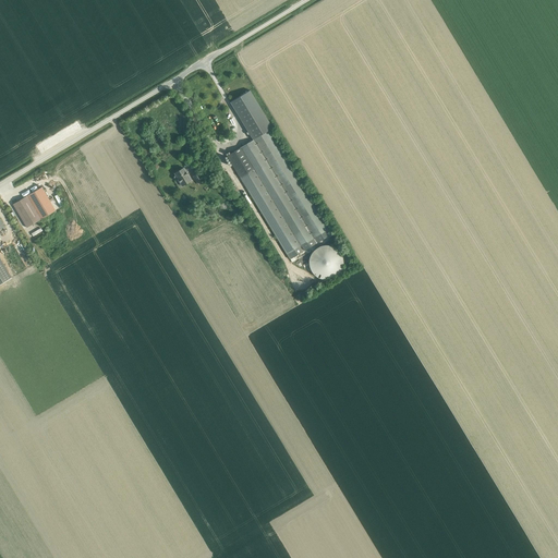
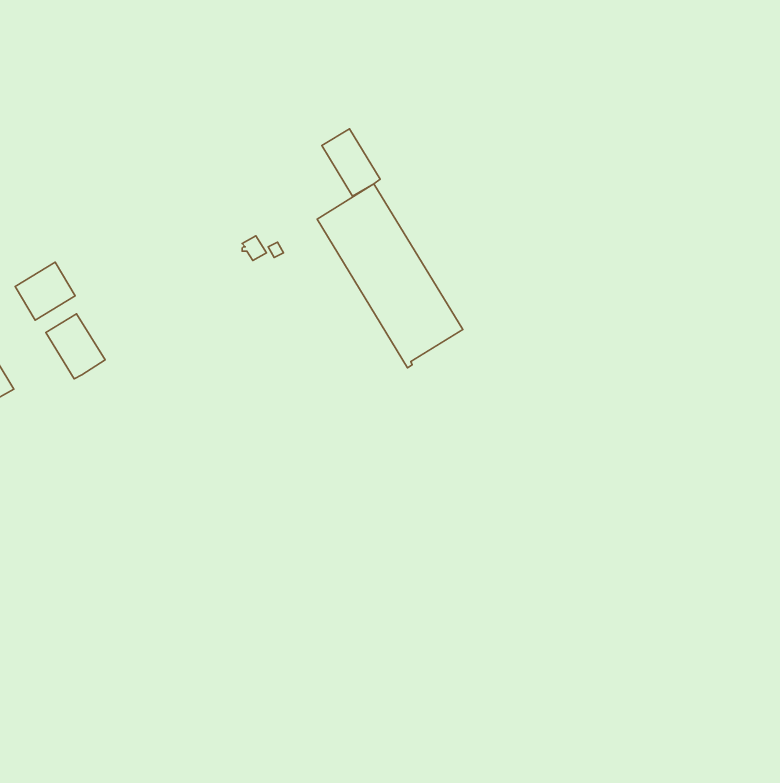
building: none -> [46,314,105,379]
building: [307,245,341,279] -> none

